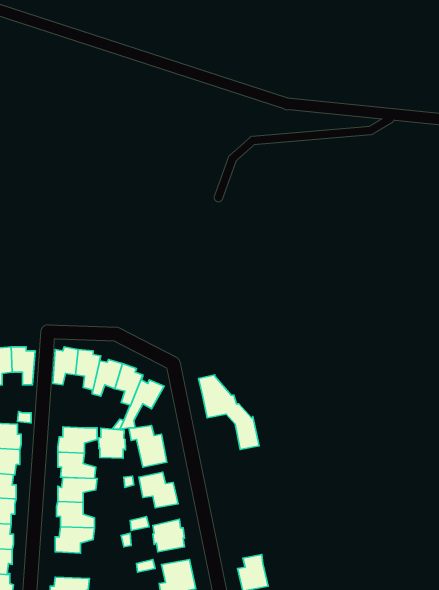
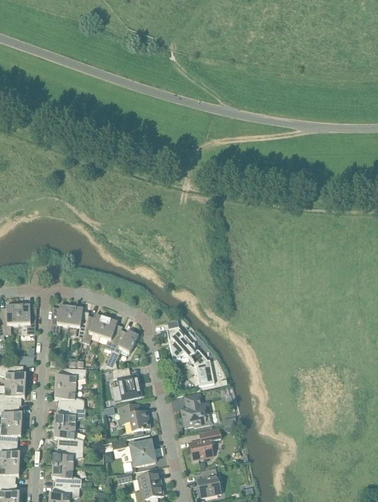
building: [99,428,125,458] -> none
building: none -> [181,392,213,427]
building: none -> [190,429,221,459]
building: none -> [52,466,82,487]

